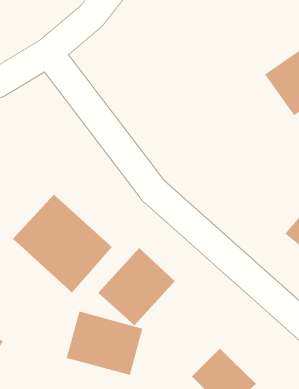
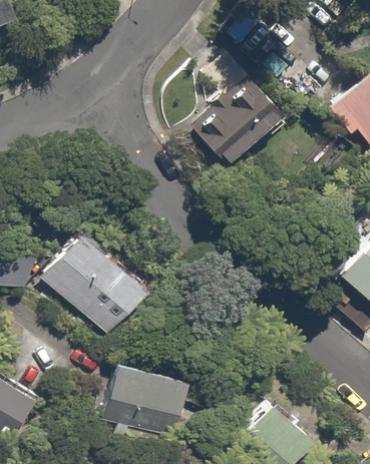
building: none -> [189,69,288,168]
building: [98,247,175,326] -> none

